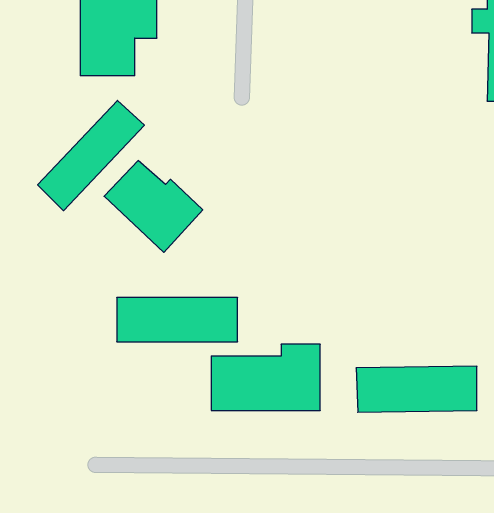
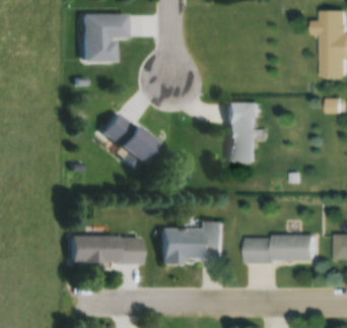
building: [38,100,144,211] -> none
building: none -> [224,102,258,163]
building: [117,298,238,342] -> [66,236,138,262]

